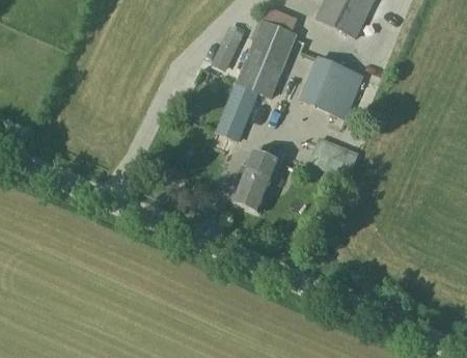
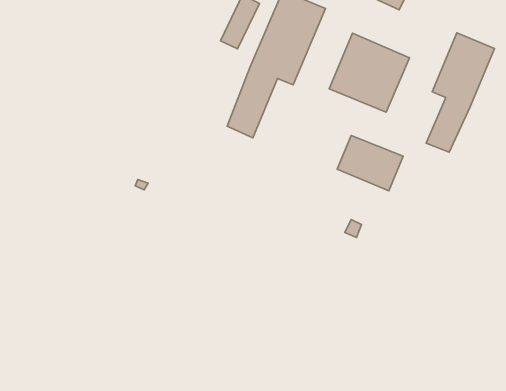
building: none -> [426,33,494,152]
building: [232,148,282,212] -> none

